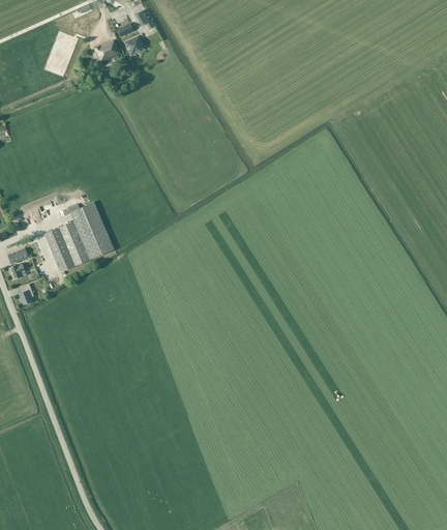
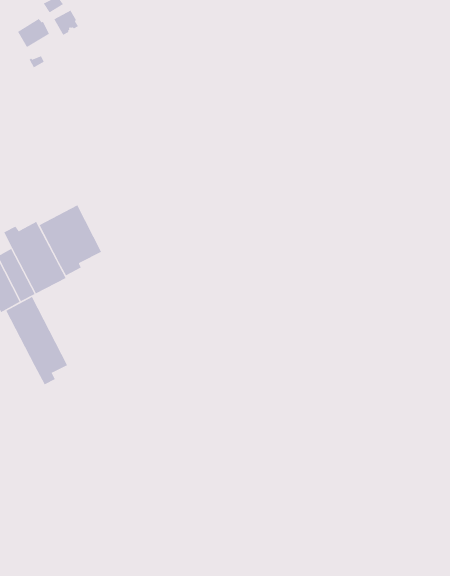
building: none -> [39,205,102,276]
building: none -> [5,296,68,385]

